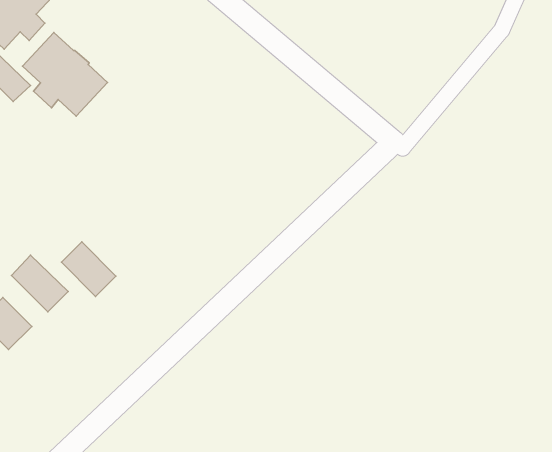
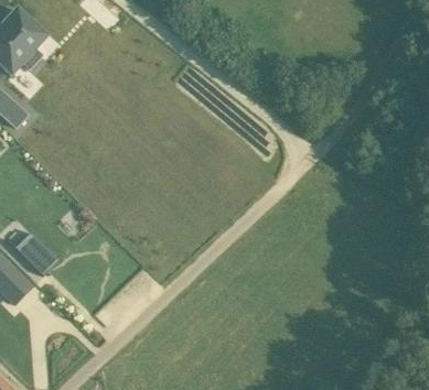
building: [22,32,108,116] -> none
building: [61,242,116,296] -> none

